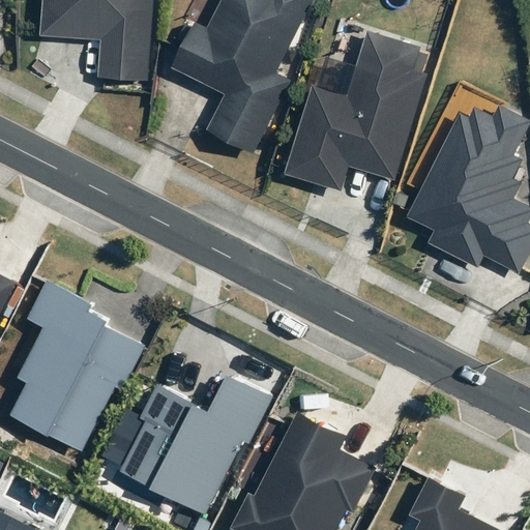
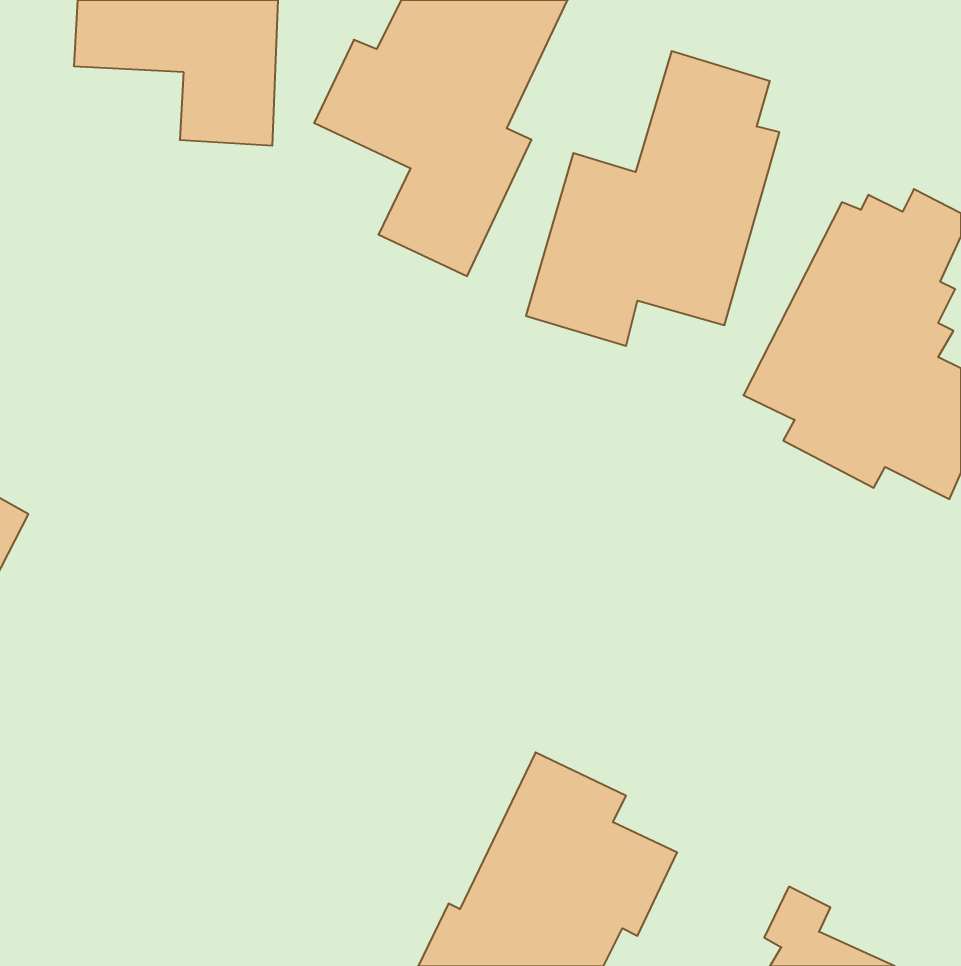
building: [22,278,144,445] -> none
building: [115,374,271,513] -> none

